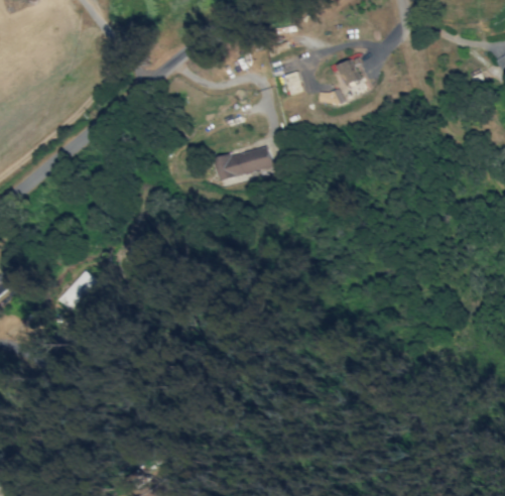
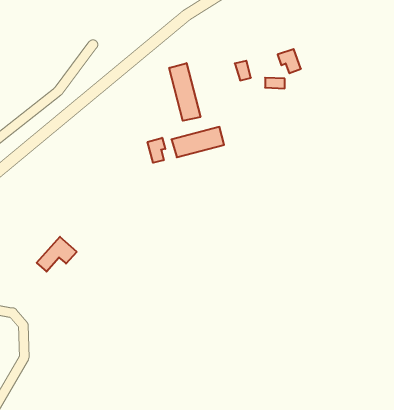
building: none -> [169,63,200,121]
building: none -> [148,138,165,163]

